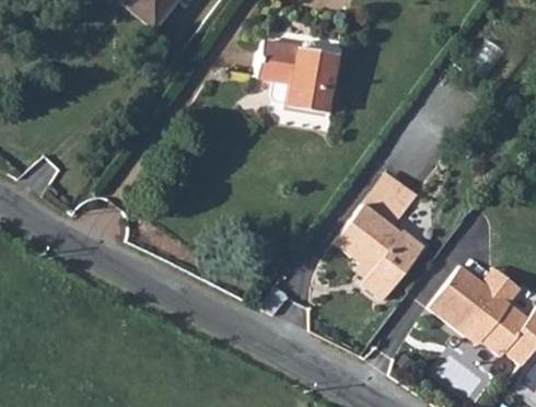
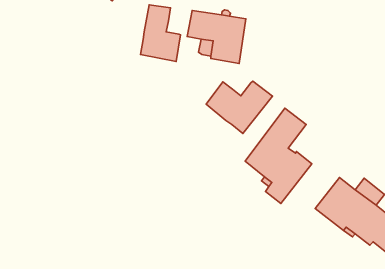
building: none -> [140,5,181,61]
building: none -> [206,81,272,133]

